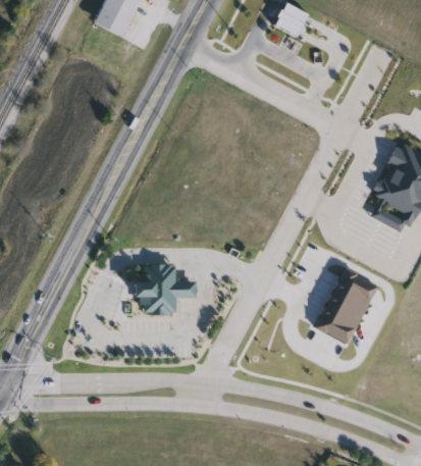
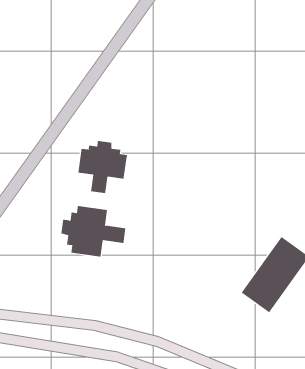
building: none -> [78,140,127,194]

